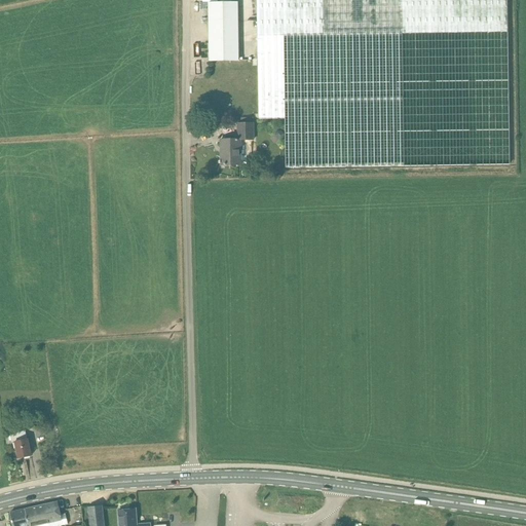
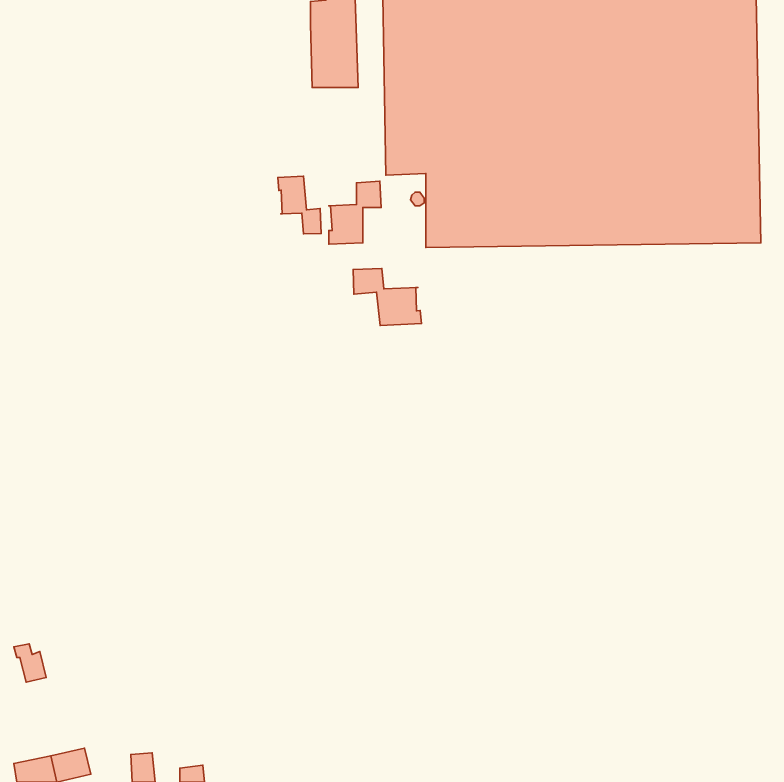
building: none -> [278,176,321,234]
building: none -> [353,269,422,325]

